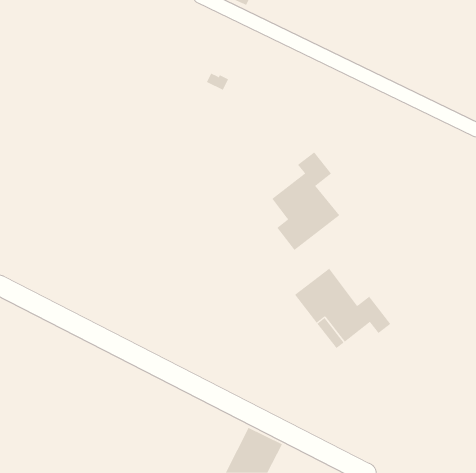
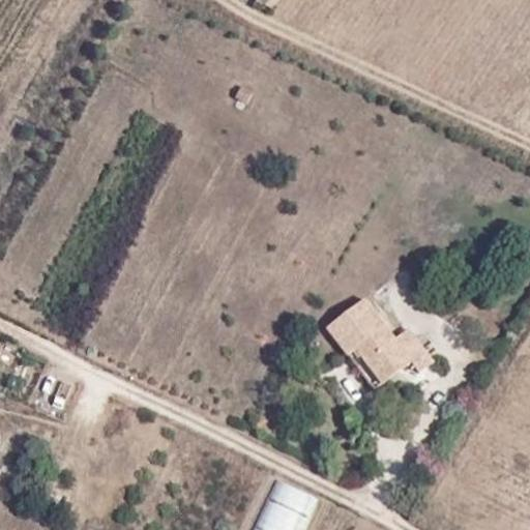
building: [271,151,340,251] -> none

